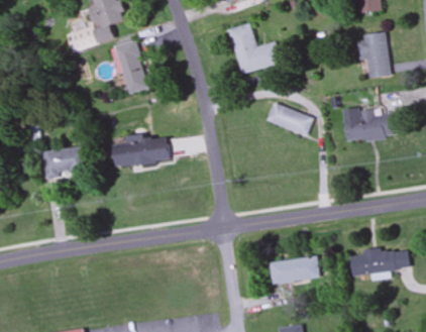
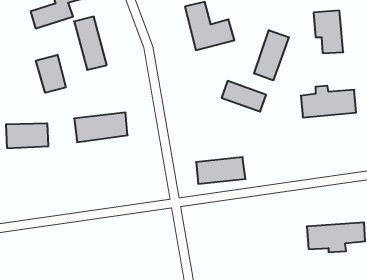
building: none -> [254,30,289,80]
building: none -> [36,55,66,93]
building: [270,256,320,284] -> [196,157,246,184]

